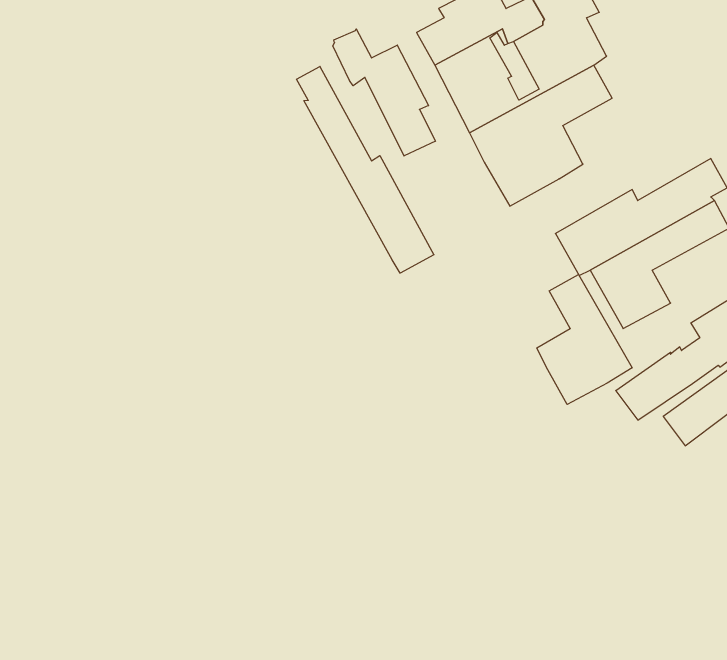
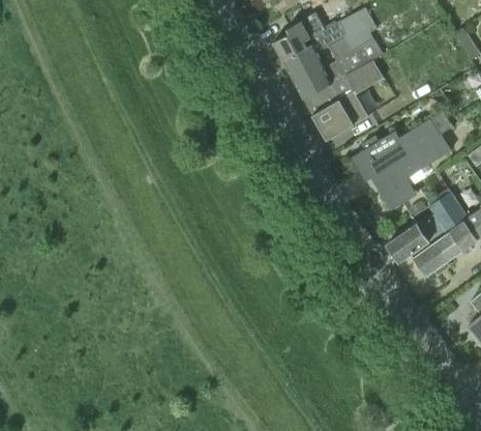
building: [333,29,435,156] -> none
building: [297,66,434,273] -> none
building: [537,274,632,404] -> none

